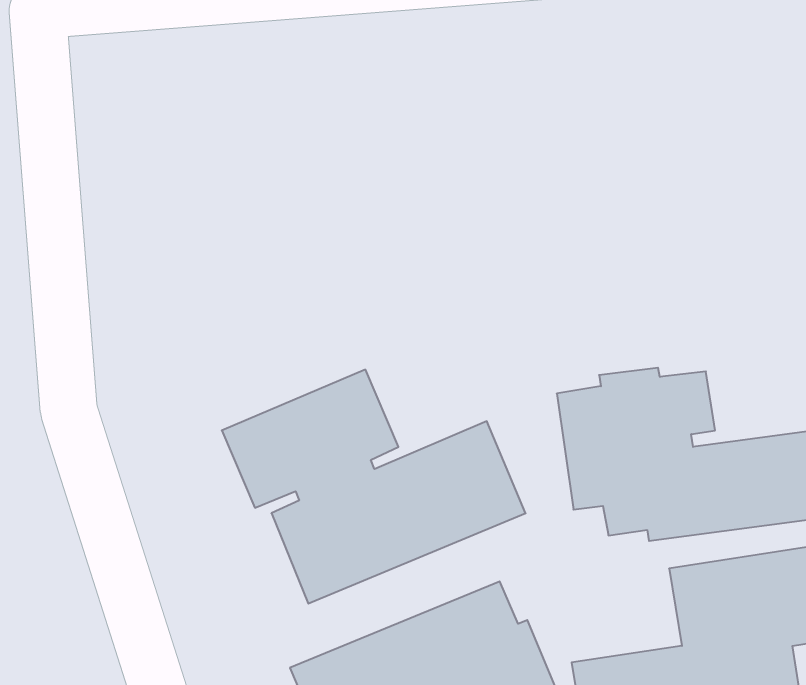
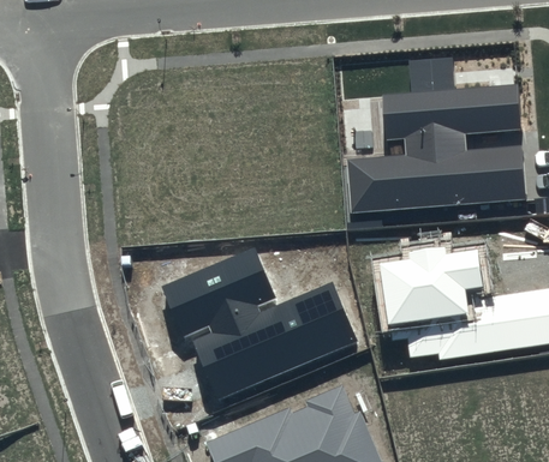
building: none -> [347,59,526,212]

